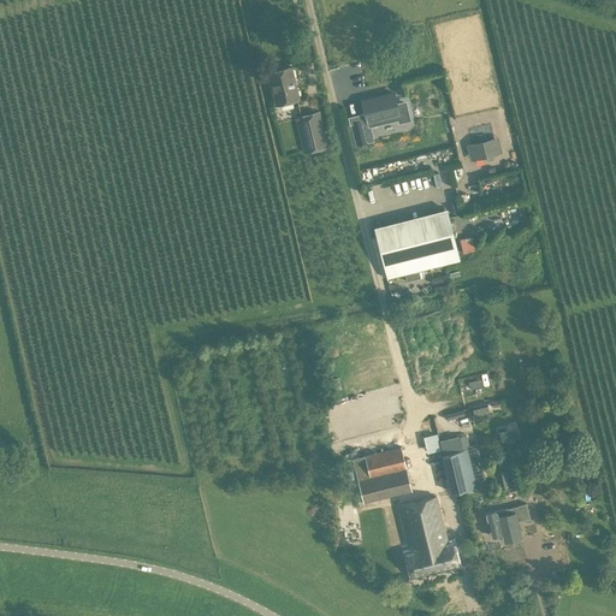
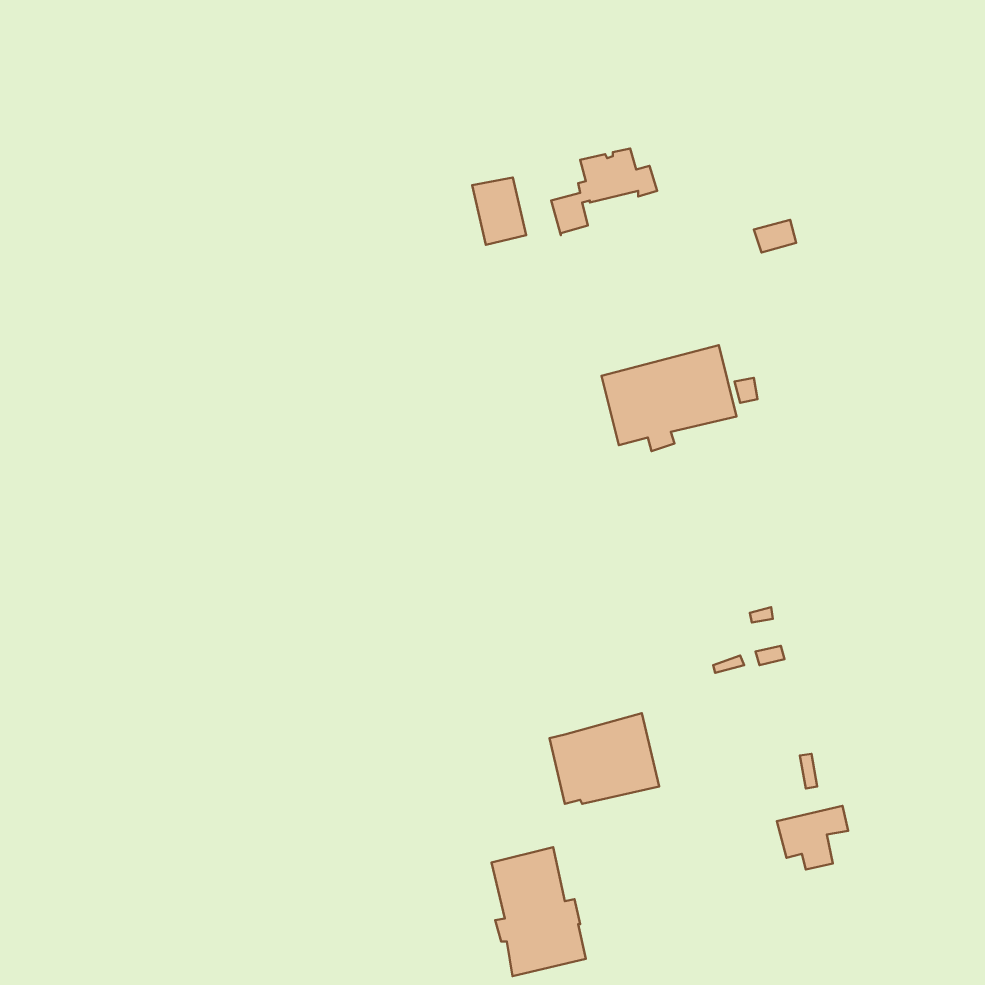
building: [266,65,300,106] -> none
building: [437,434,486,493] -> none
building: [398,494,457,575] -> [491,847,586,976]

